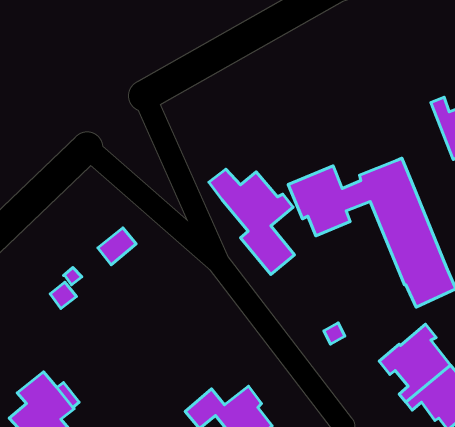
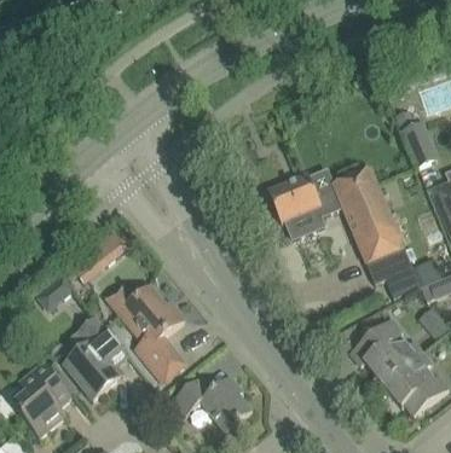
building: [209,169,295,275] -> [105,285,184,382]
building: none -> [63,316,134,399]

